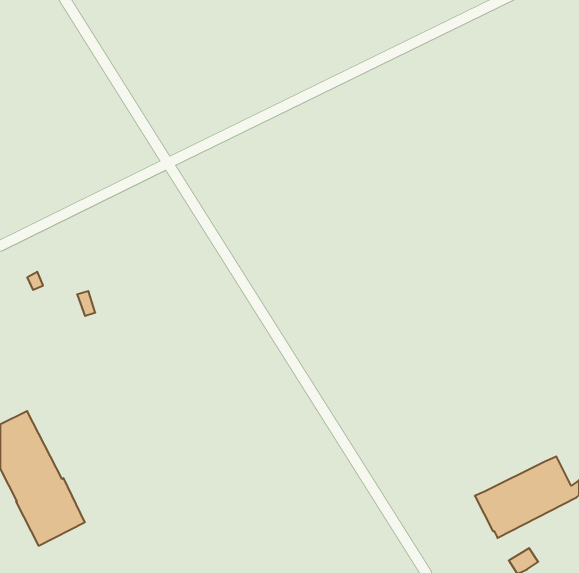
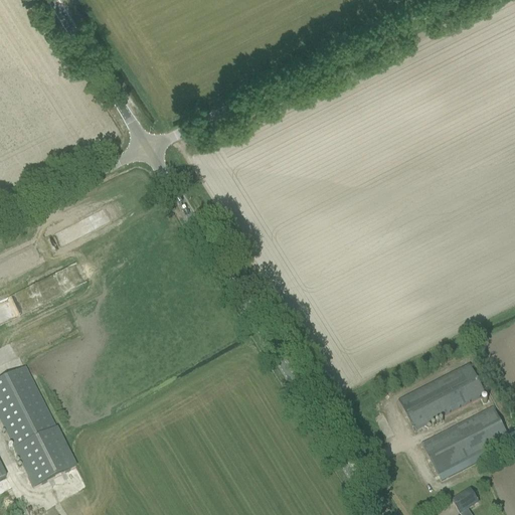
building: none -> [398,362,487,428]

